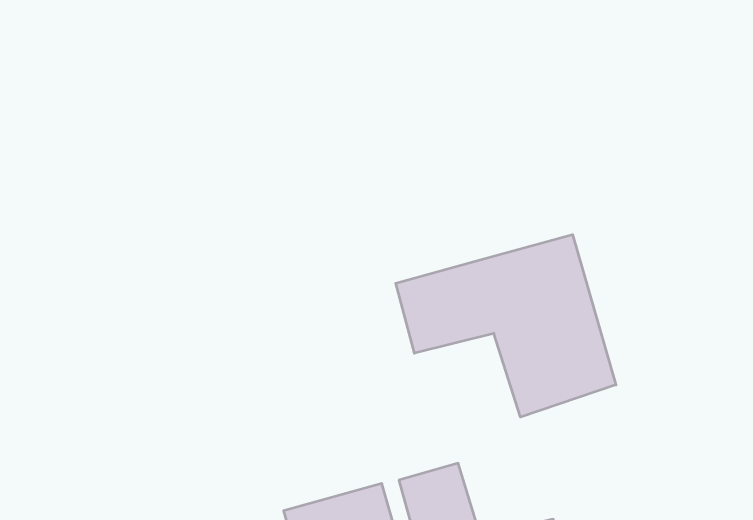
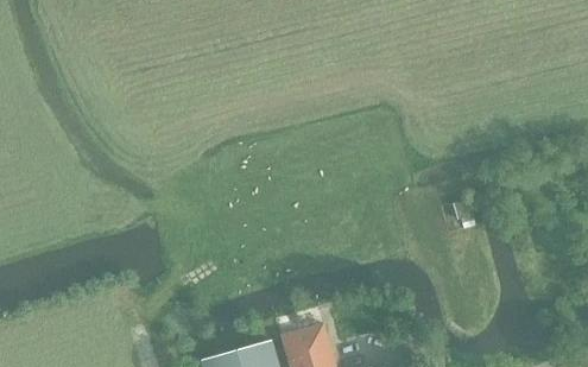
building: [396,235,616,417] -> none

